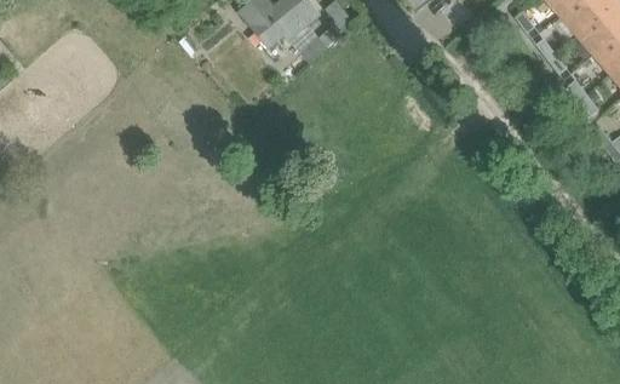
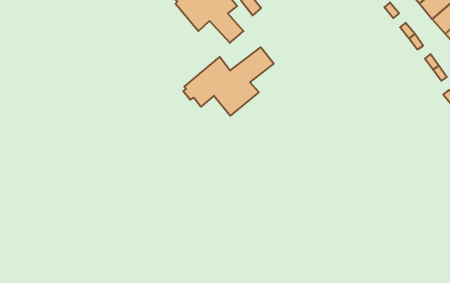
building: none -> [183,47,274,116]

